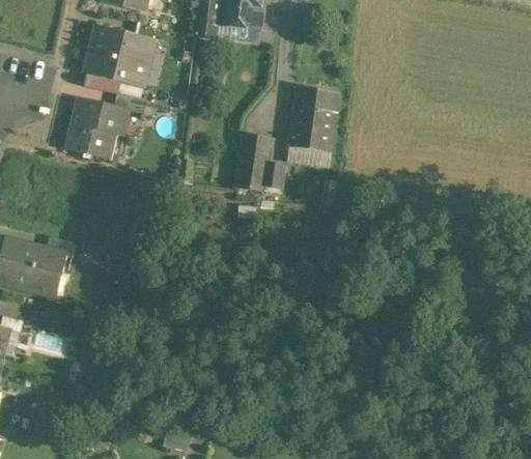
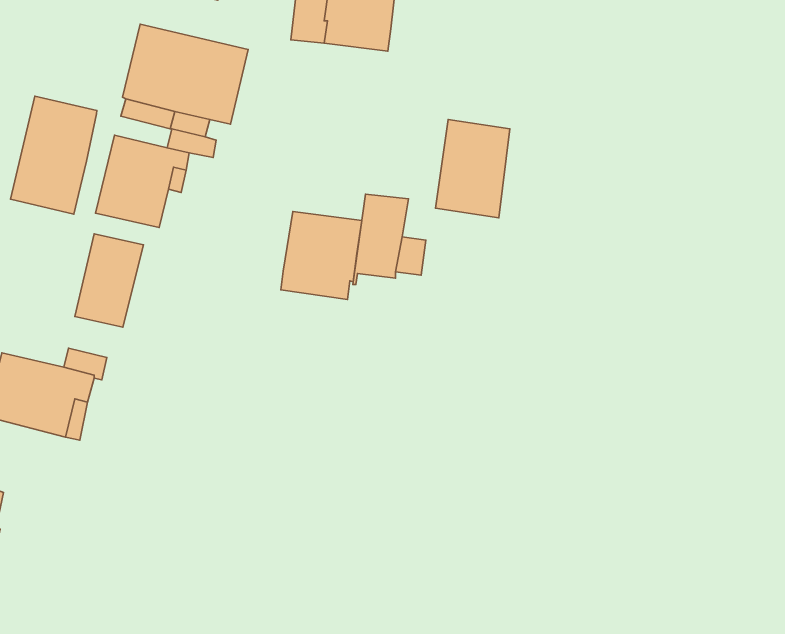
building: none -> [11,96,97,214]
building: [285,145,330,167] -> none
building: none -> [281,212,362,300]
building: none -> [75,234,143,327]

